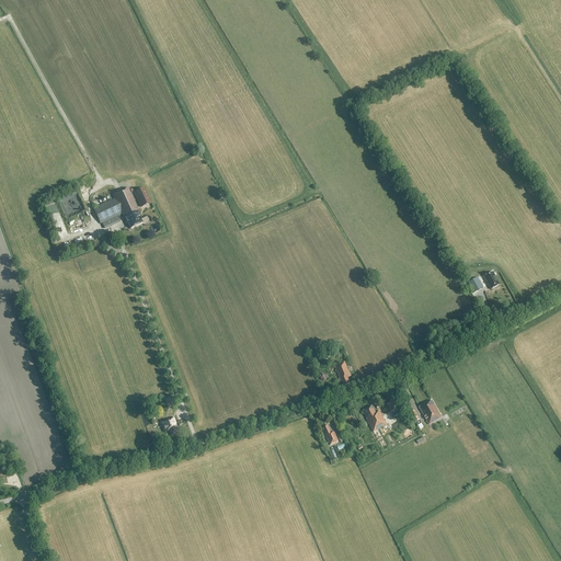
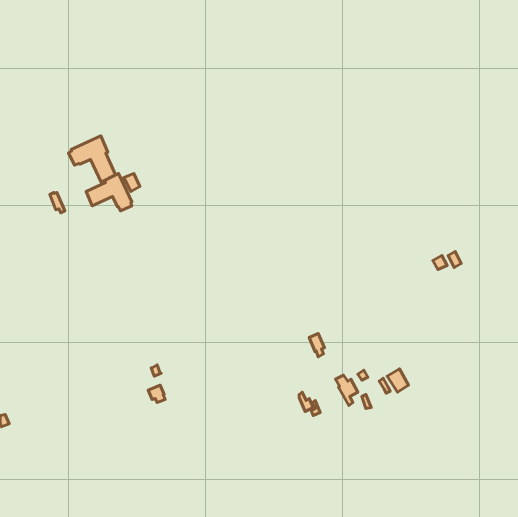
building: none -> [69,136,116,182]

